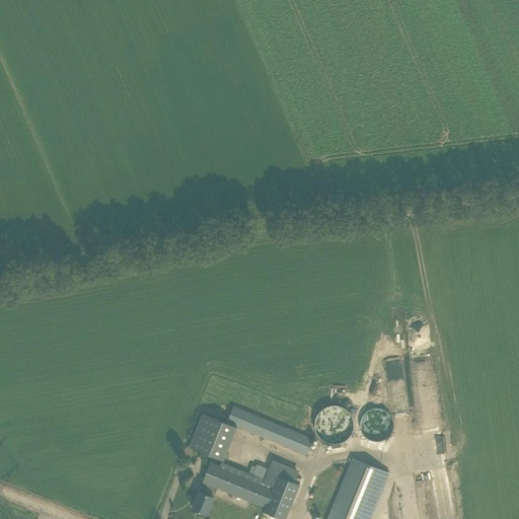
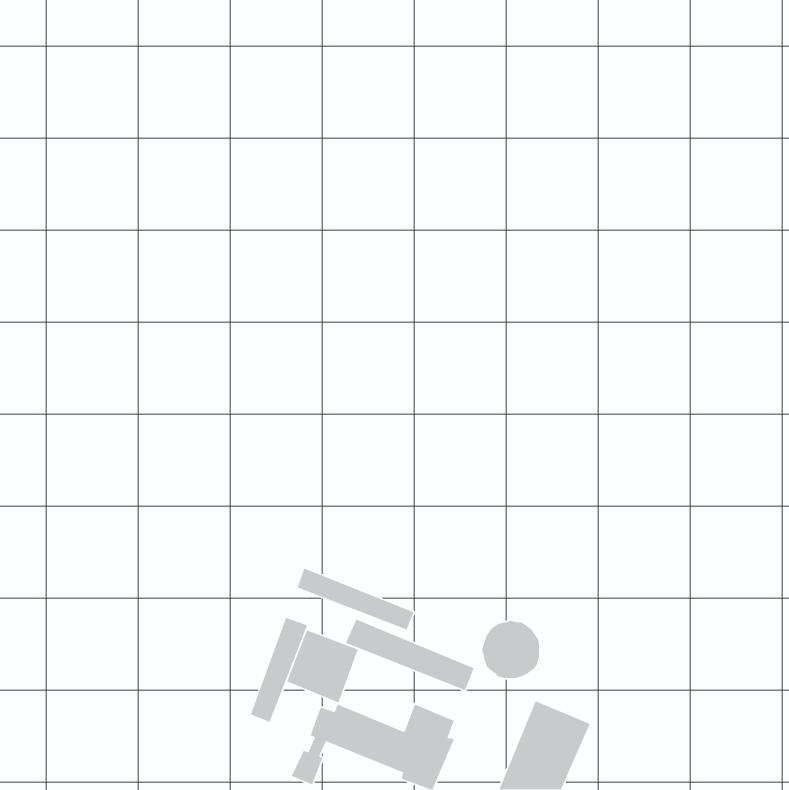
building: none -> [297,567,415,631]
building: none -> [250,617,308,723]

